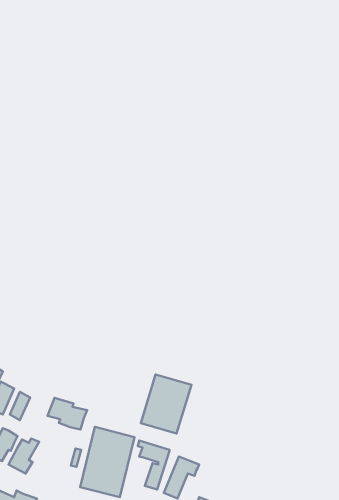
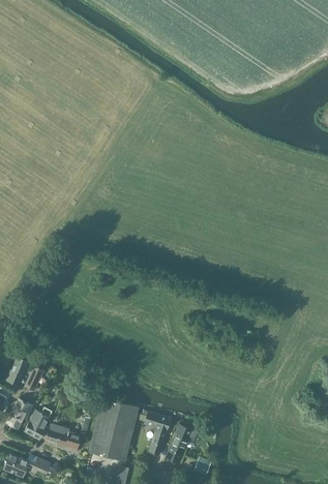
building: [141,374,191,434] -> none
building: [48,398,87,429] -> [46,423,82,452]

